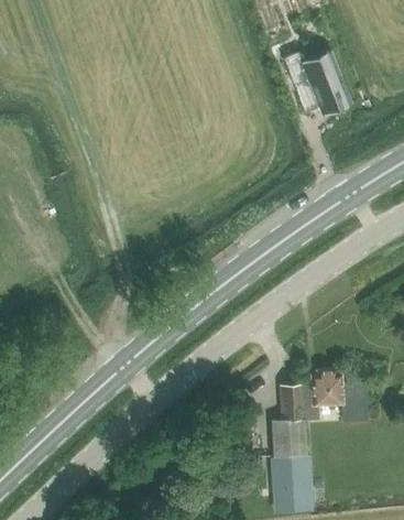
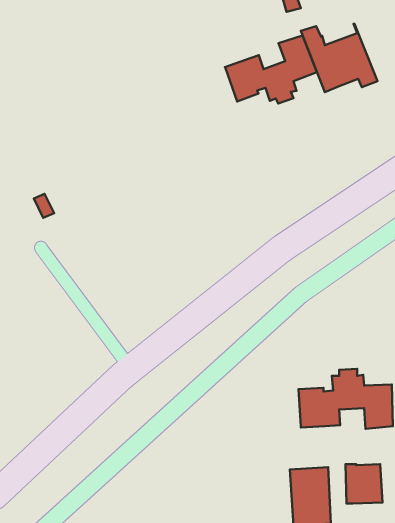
building: none -> [225,35,317,104]
building: [273,421,307,457] -> [345,464,383,504]

